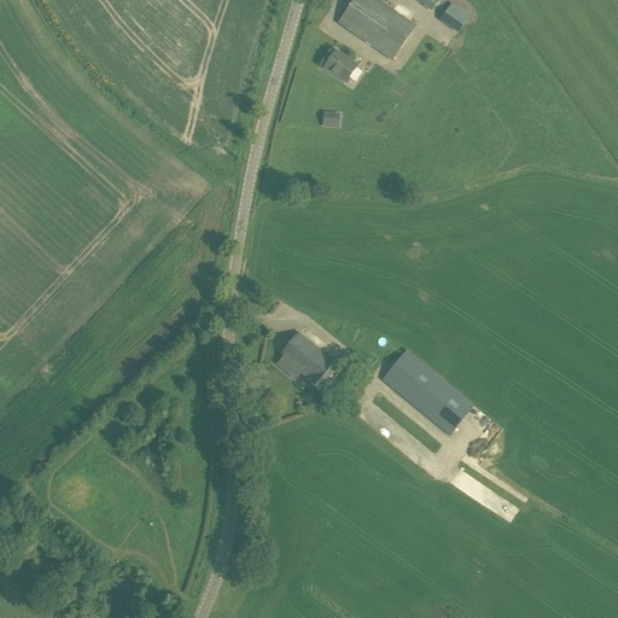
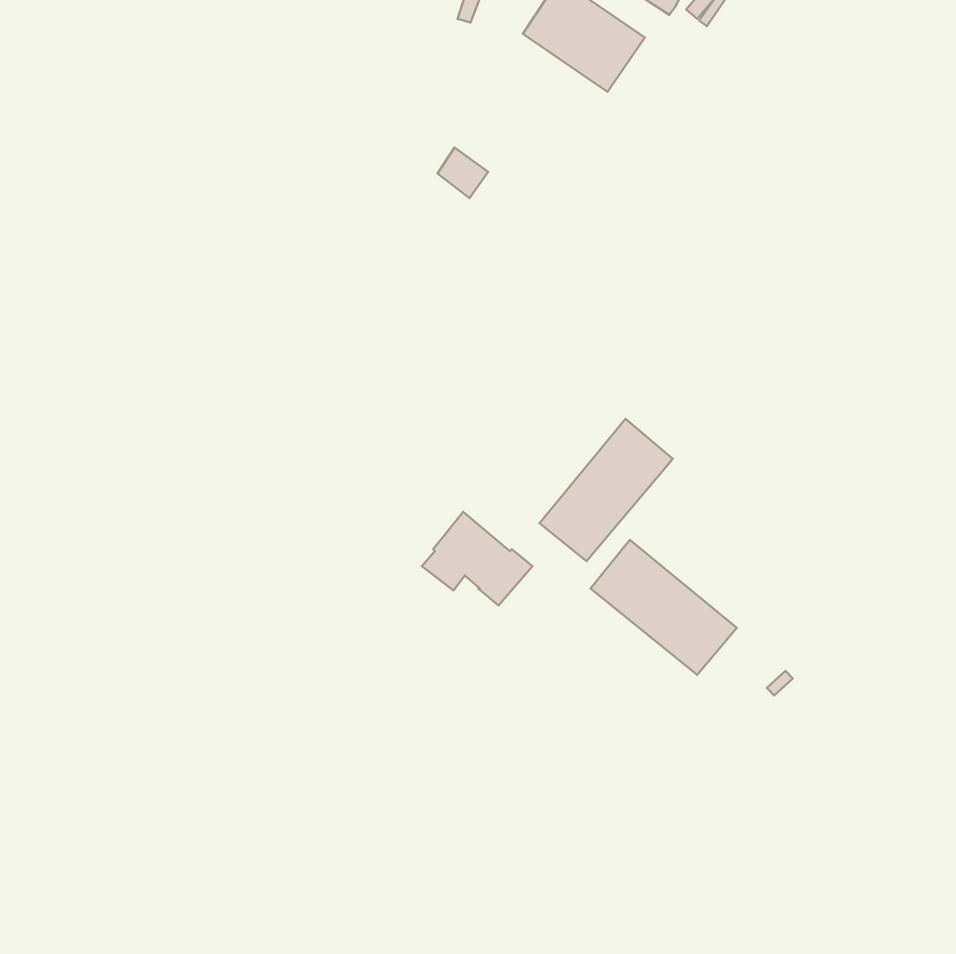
building: [323,48,356,81] -> [438,147,488,198]
building: none -> [540,419,673,561]

